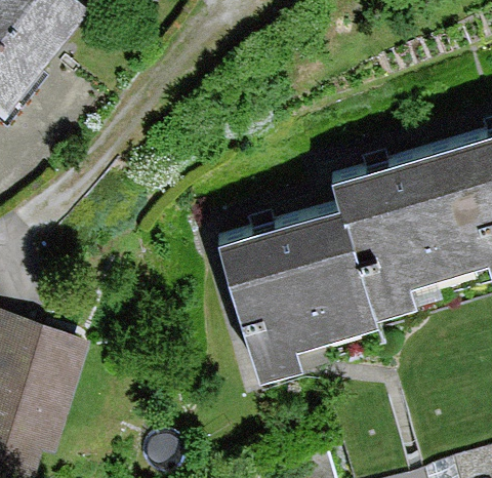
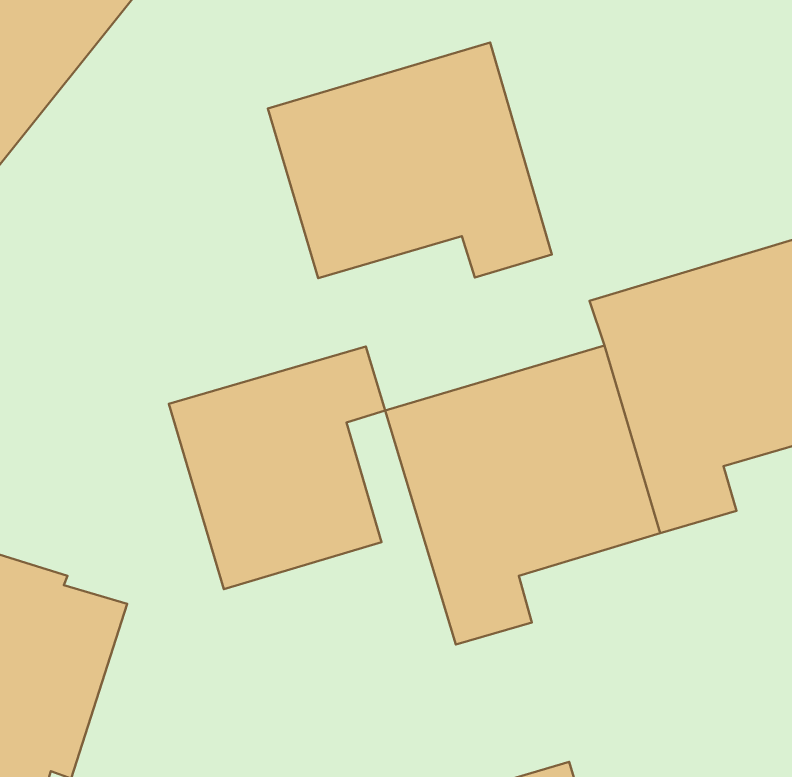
building: none -> [268,42,552,278]
building: none -> [169,346,385,589]

